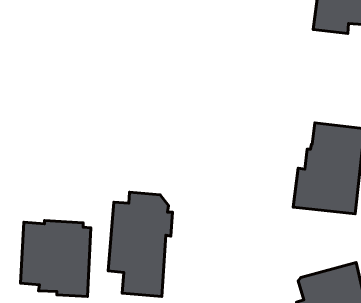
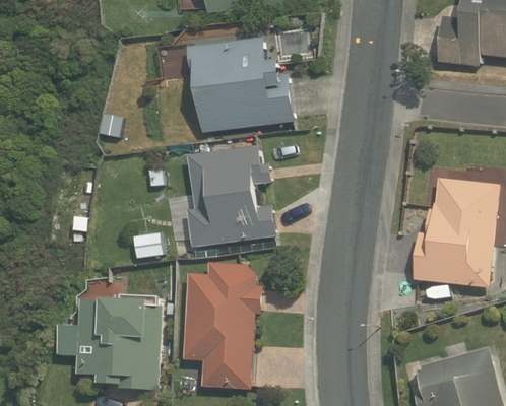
building: none -> [187,37,294,133]
building: none -> [185,144,274,249]

